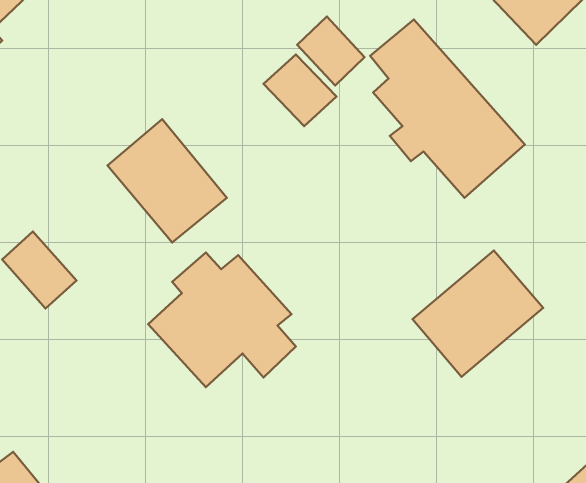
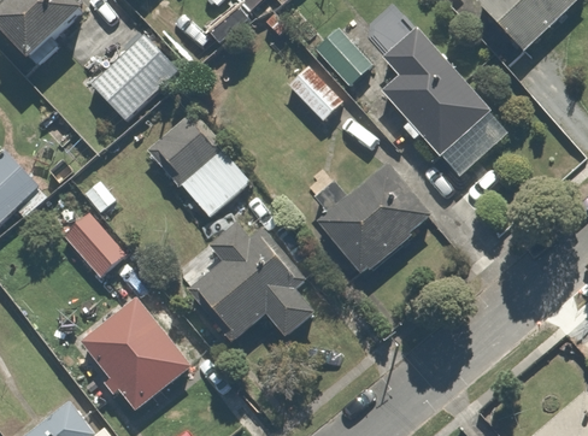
building: none -> [90,29,180,124]
building: [412,250,543,377] -> [314,165,427,273]
building: none -> [82,295,196,411]

